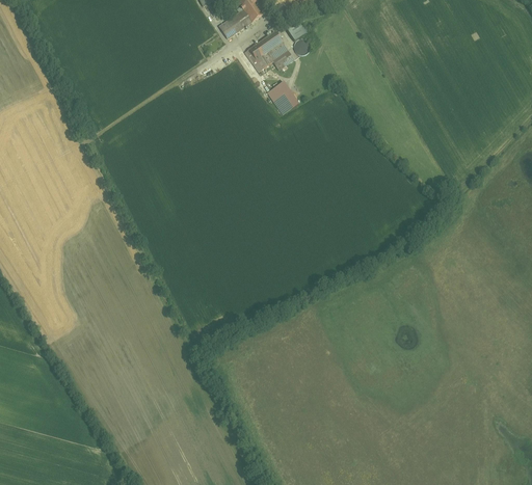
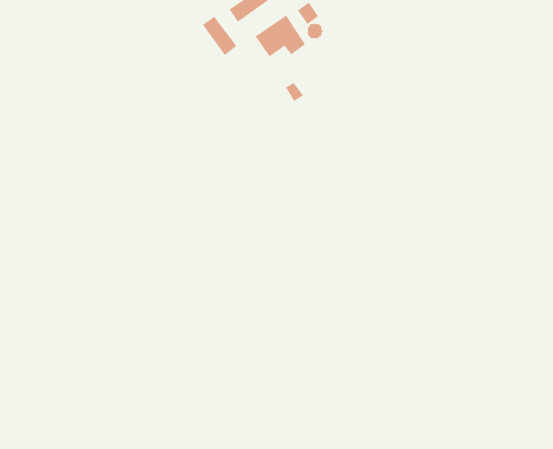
building: none -> [202,16,237,56]

